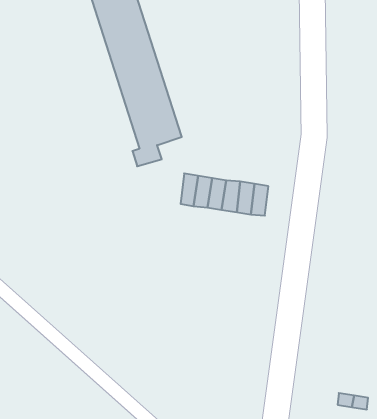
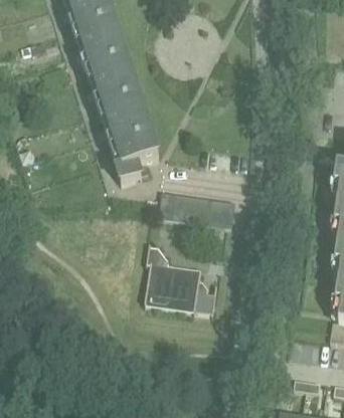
building: none -> [145,244,217,316]

